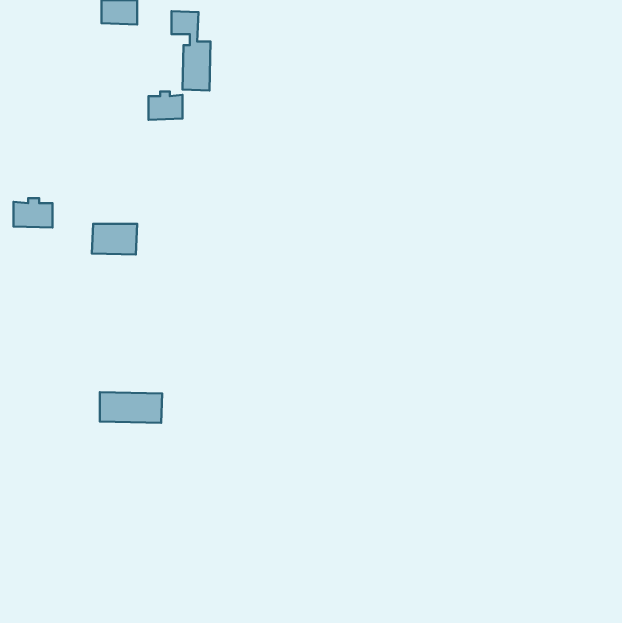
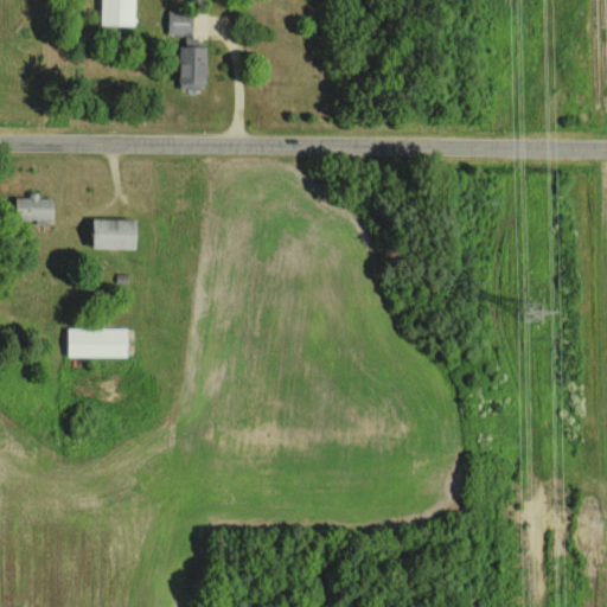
building: [149,91,183,120] -> none
building: [100,392,162,423] -> [69,328,129,358]

